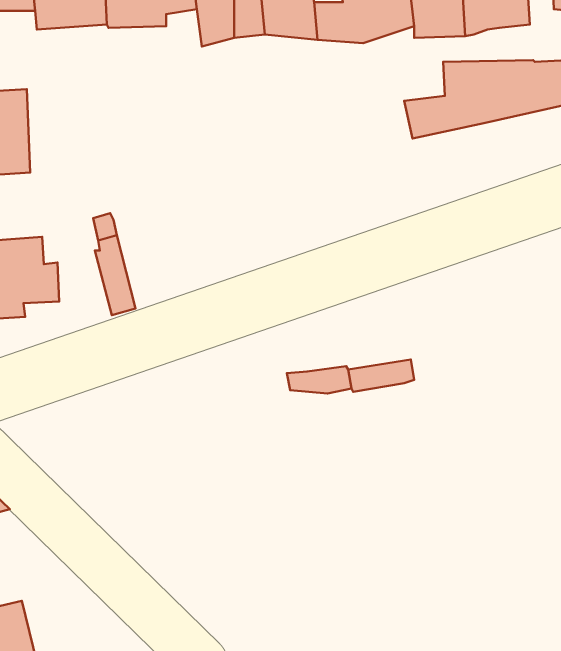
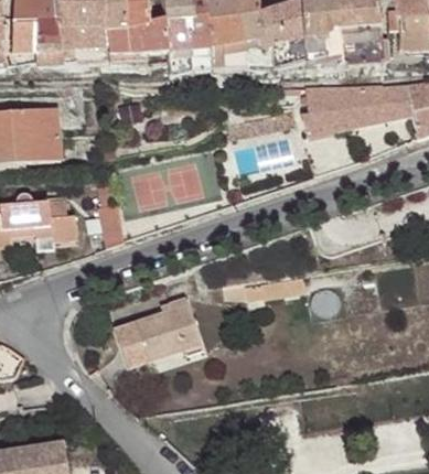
building: none -> [114,298,204,366]

